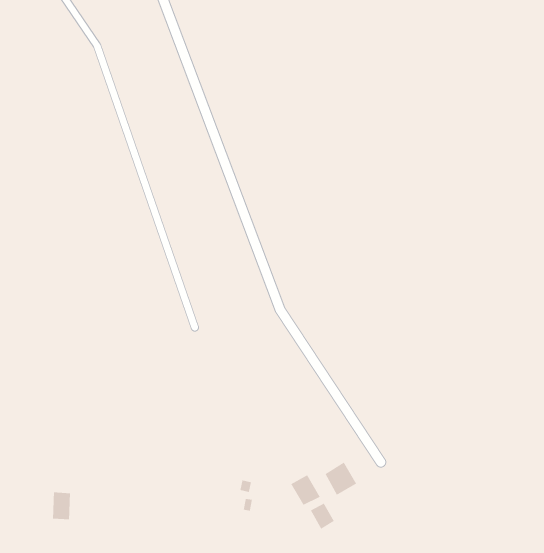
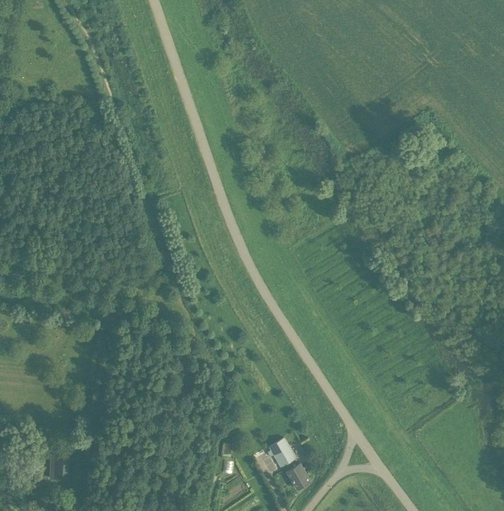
building: [325,461,357,496] -> none

